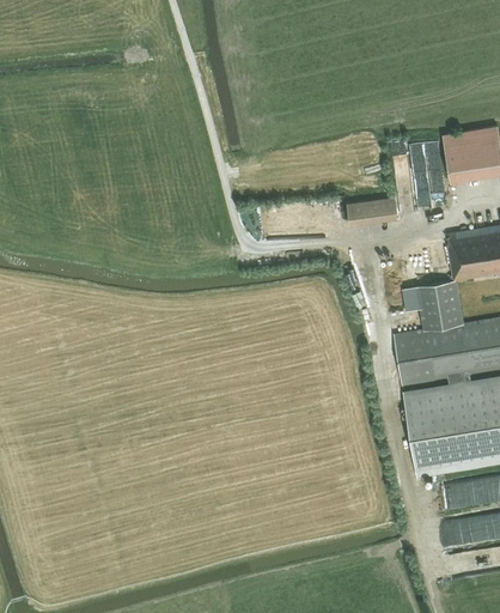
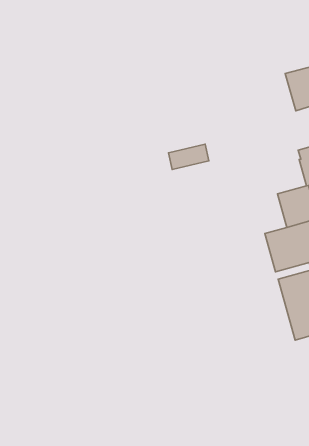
building: [413,150,447,213] -> none
building: [347,198,397,225] -> [169,144,209,170]

